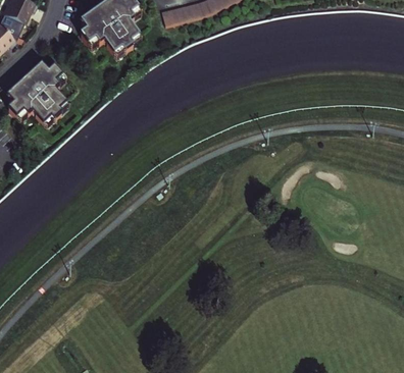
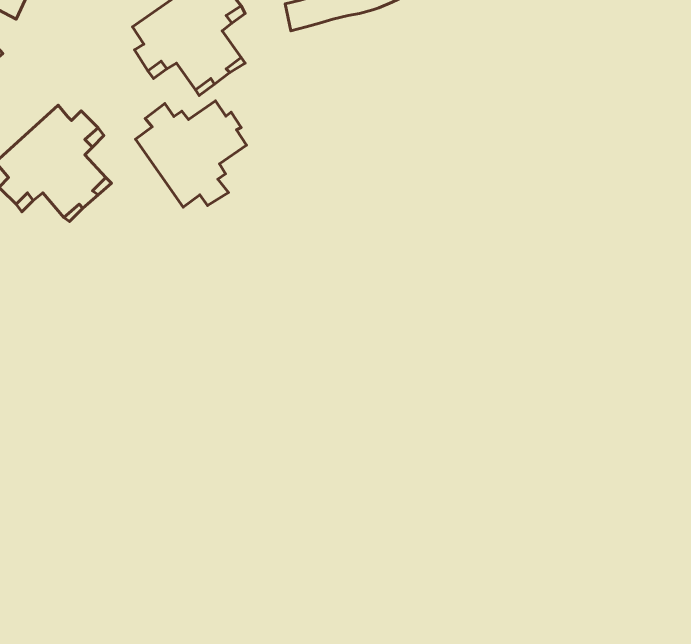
building: none -> [135,101,247,207]

